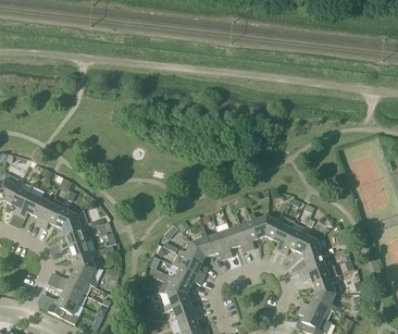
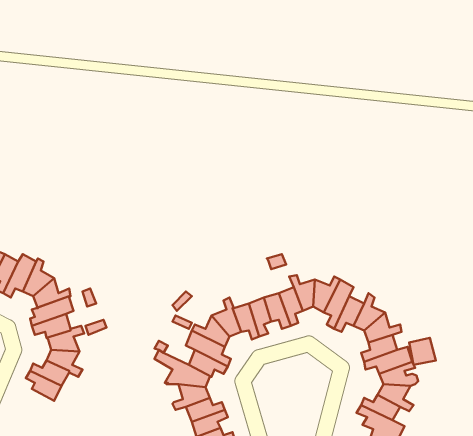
building: [48,295,78,323] -> none

